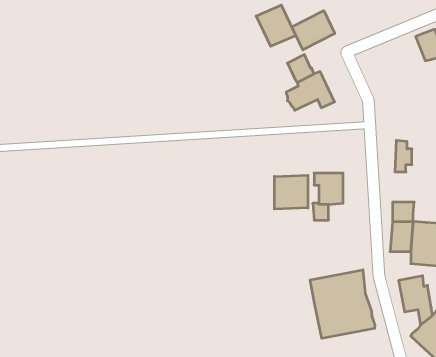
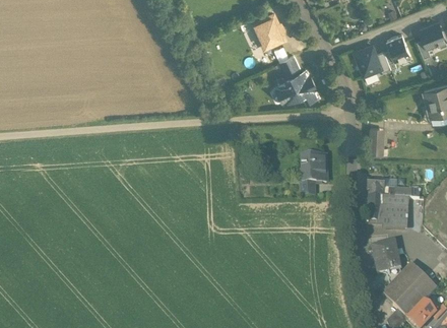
building: [292,11,335,50] -> none
building: none -> [356,44,382,74]
building: [274,175,308,209] -> none
building: [310,270,375,338] -> none

